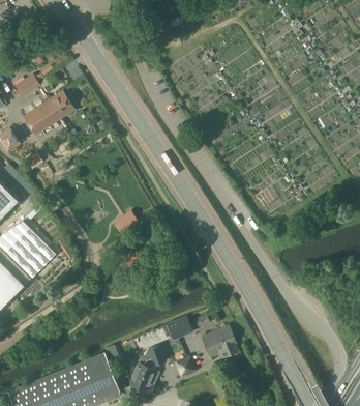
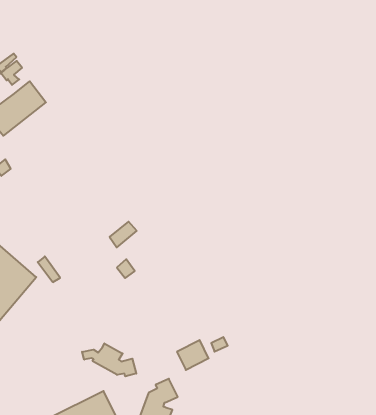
building: none -> [82,343,136,376]
building: [201,325,241,361] -> none

